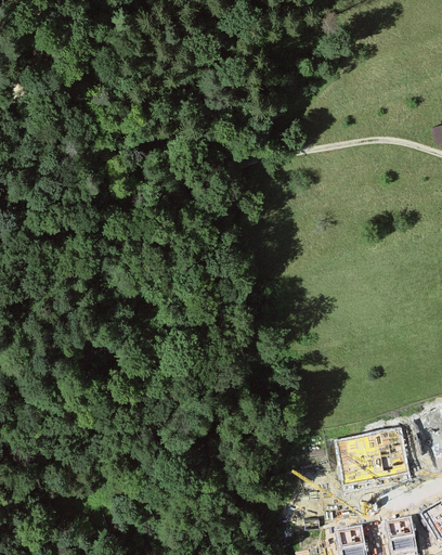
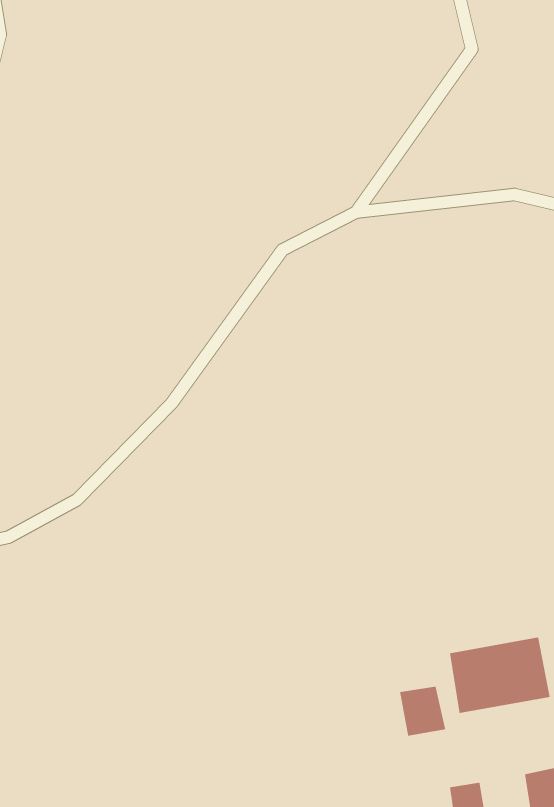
building: none -> [400,686,446,736]

